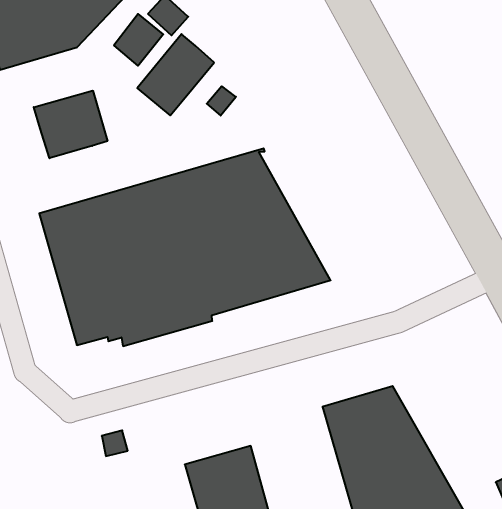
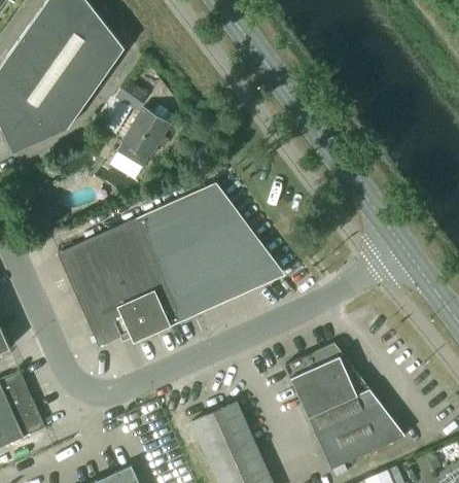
building: [34,91,107,158] -> none

